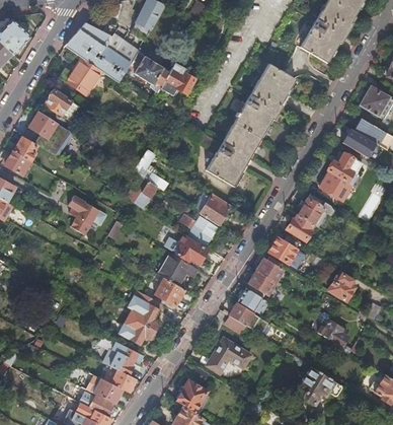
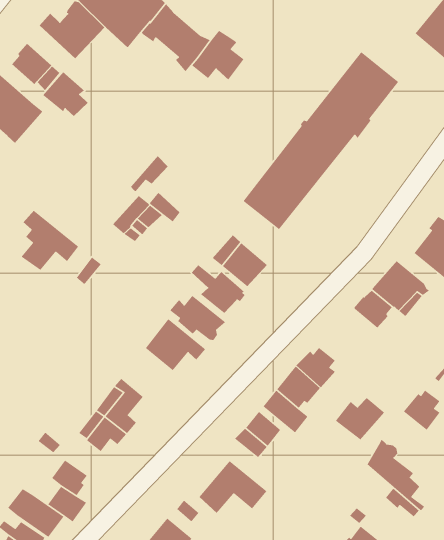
building: none -> [42,71,89,117]
building: [269,234,301,263] -> [335,397,385,440]
building: [155,278,184,306] -> none

